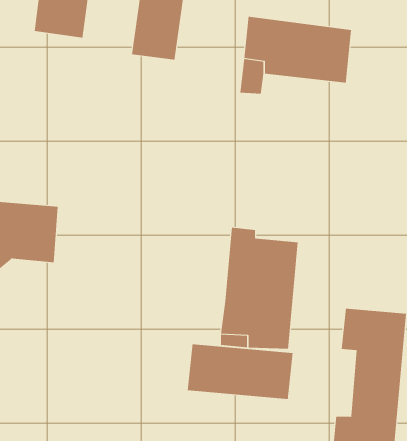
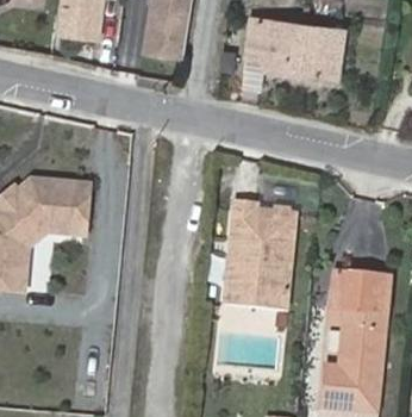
building: [187,343,293,400] -> none

